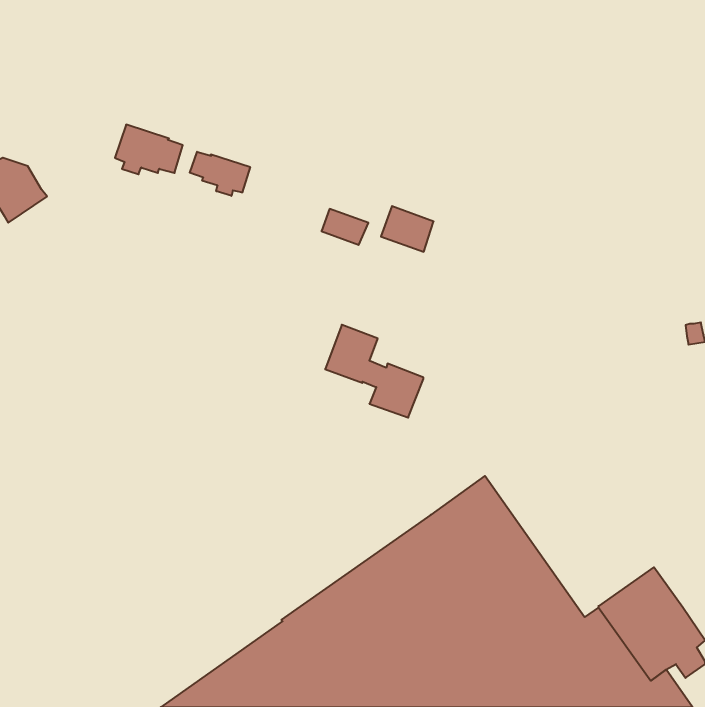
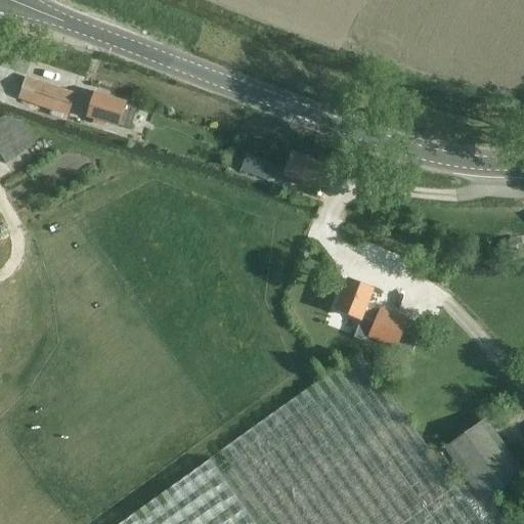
building: none -> [18,80,74,115]
building: [190,152,250,196] -> none
building: [325,325,423,418] -> [333,279,405,348]

